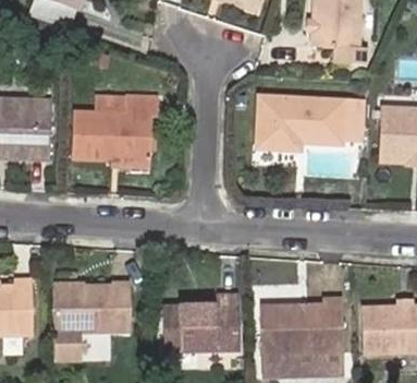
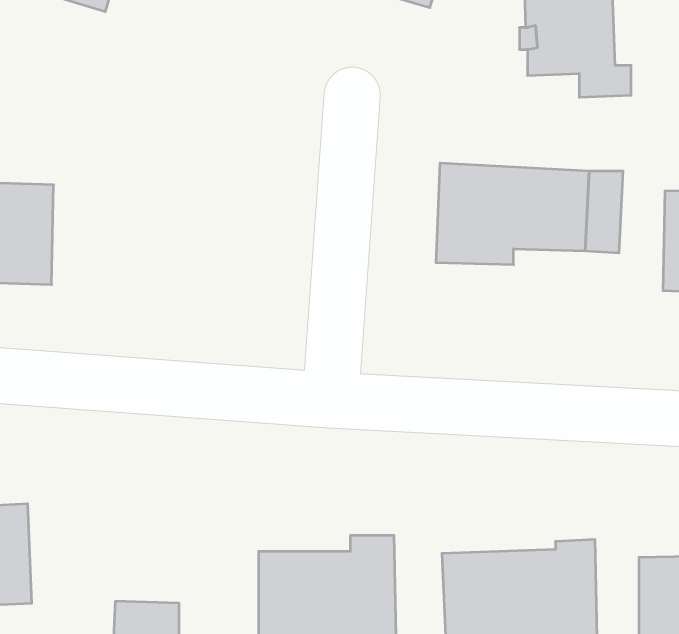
building: [70,96,156,159] -> none
building: [53,284,132,331] -> none

